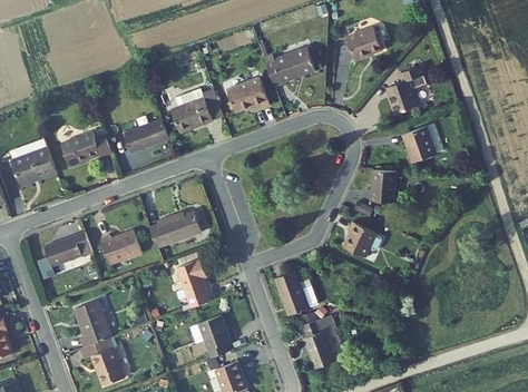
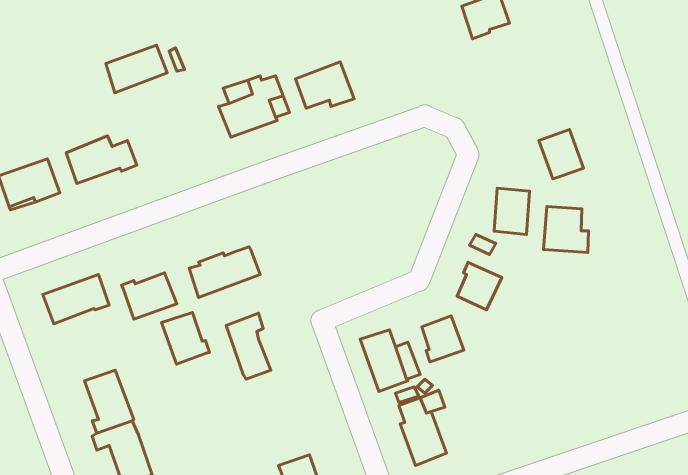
building: [265,47,315,84] -> none
building: [388,65,424,112] -> none
building: [125,118,169,153] -> [106,45,167,93]
building: none -> [543,207,588,253]
building: none -> [162,313,210,364]
building: none -> [422,316,464,362]
building: [198,314,229,356] -> none

